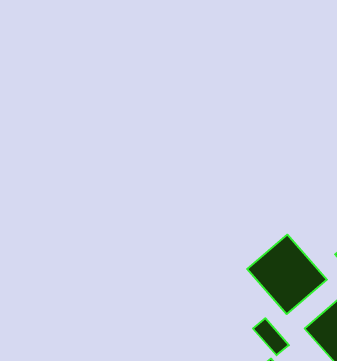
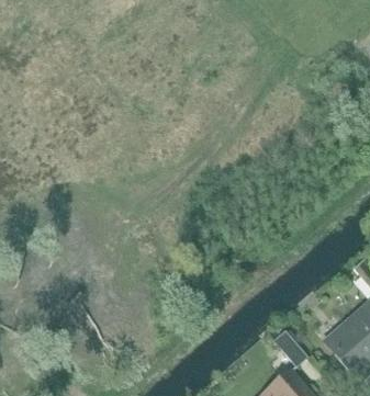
building: [247,235,327,314] -> none

